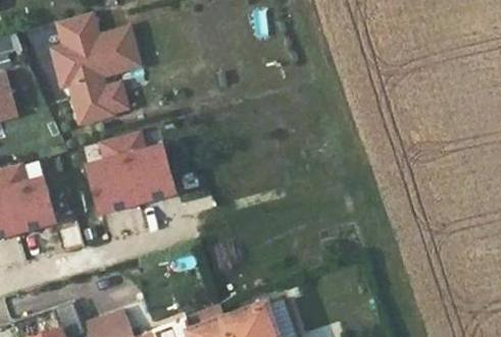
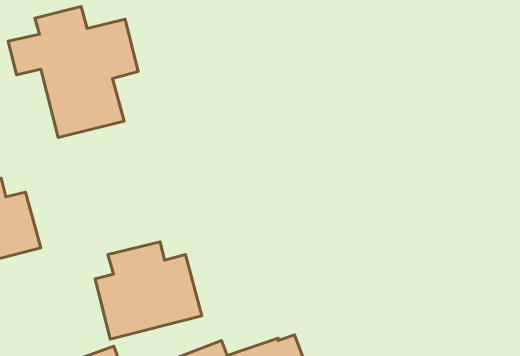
building: [84,130,178,216] -> [95,242,202,339]

